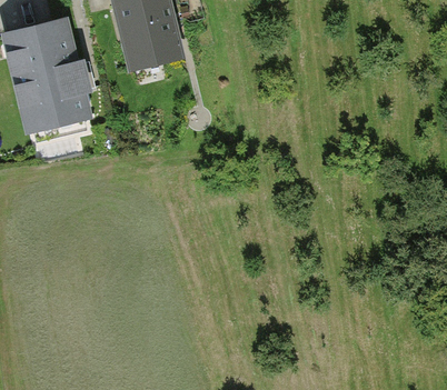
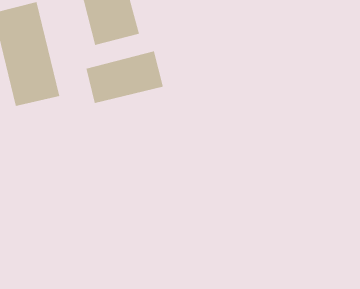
building: none -> [86,51,163,104]

